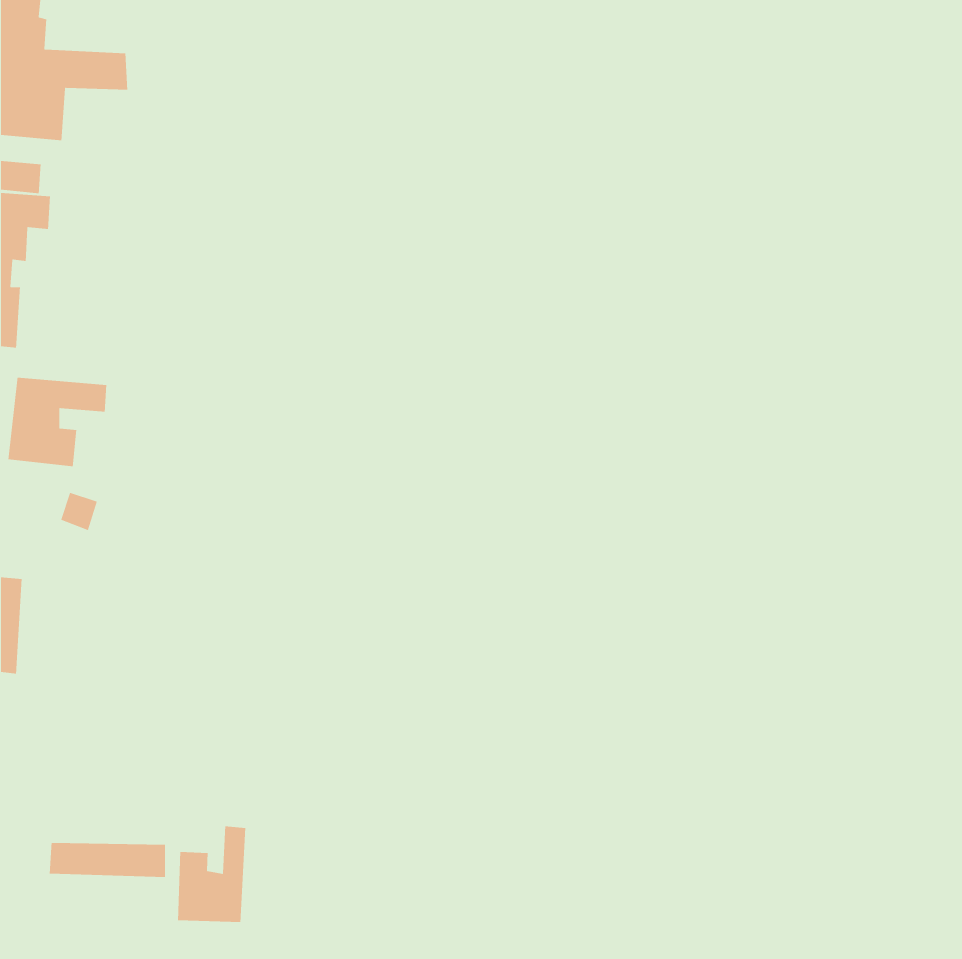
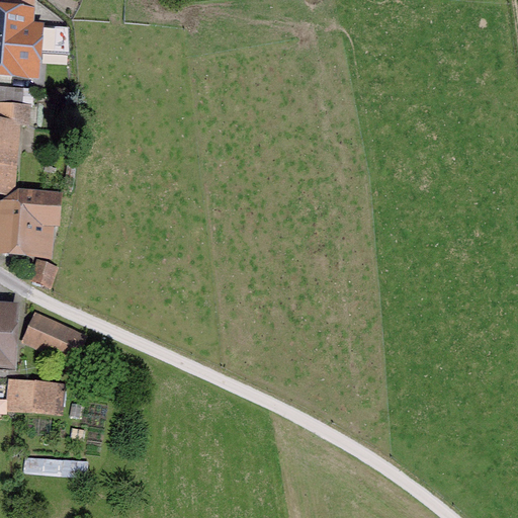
building: none -> [25,316,81,365]
building: none -> [9,383,60,410]
building: [177,826,246,923] -> none

